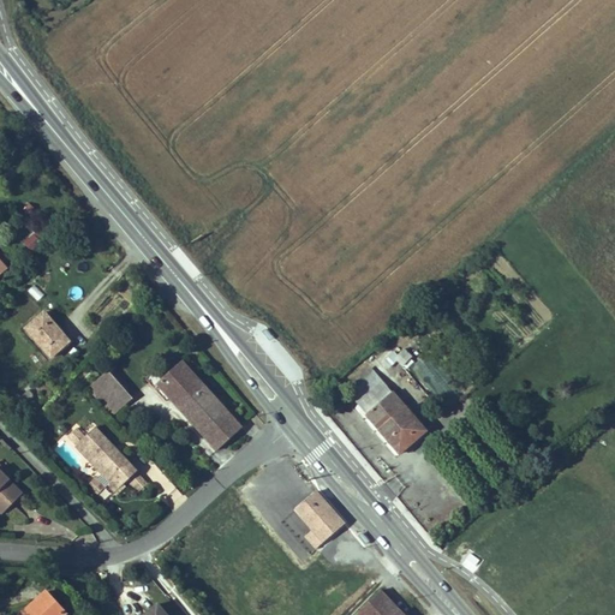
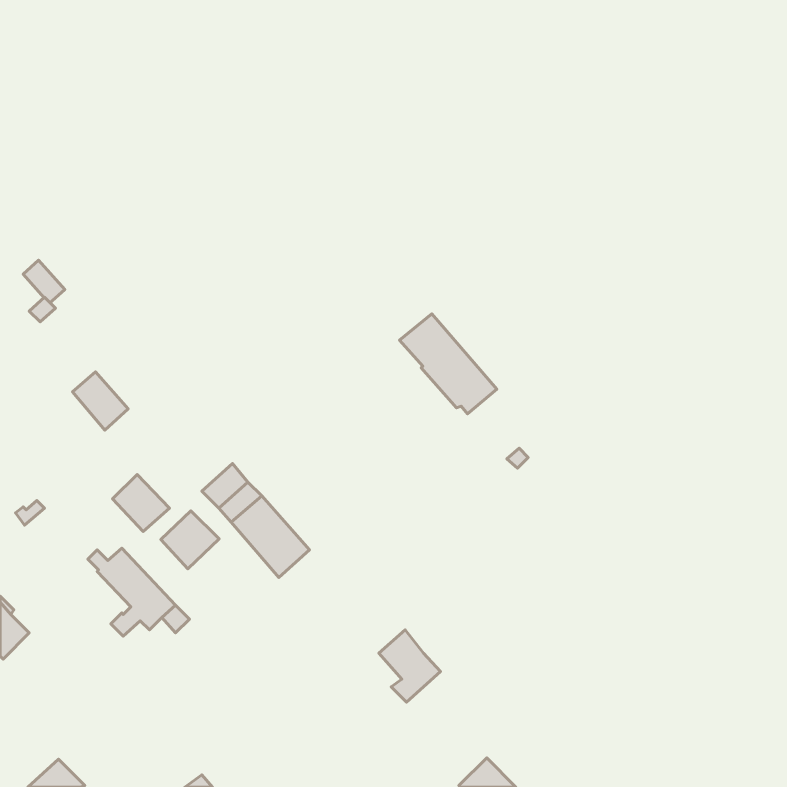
building: [26,312,70,358] -> [73,372,128,430]
building: [350,372,425,450] -> [400,314,497,414]
building: none -> [161,511,219,569]

